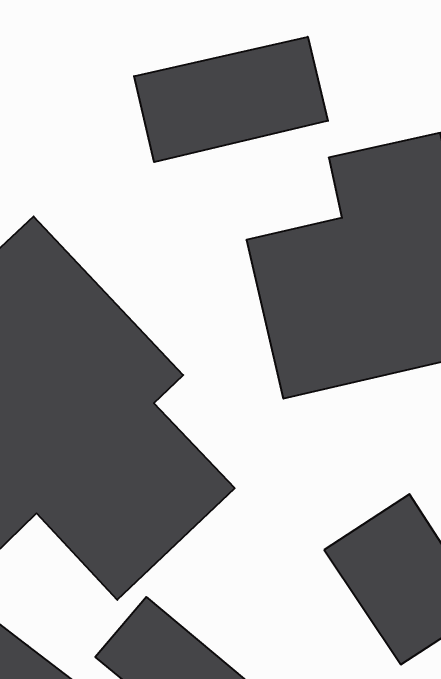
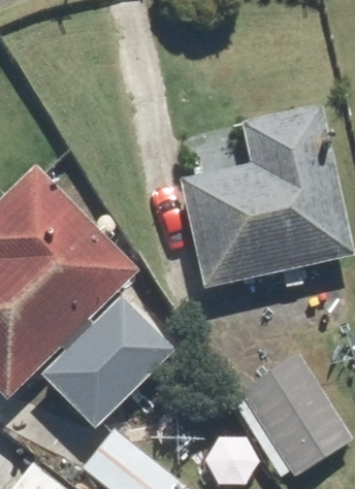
building: [134,37,328,162] -> none

